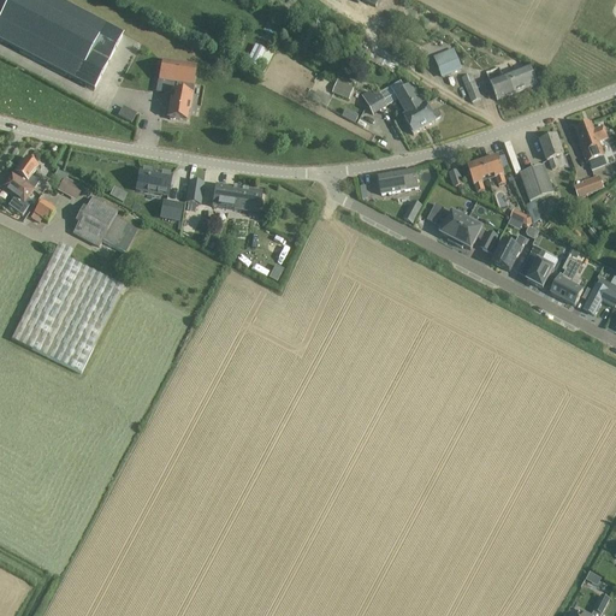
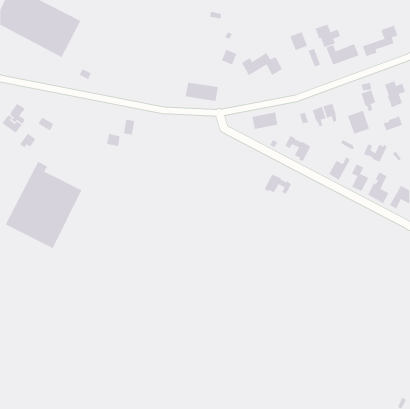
building: none -> [315,24,341,48]
building: none -> [362,25,398,57]
building: [155,58,195,118] -> none
building: [404,102,440,132] -> none
building: [134,167,171,194] -> none
building: [212,183,262,212] -> [185,82,219,101]
building: [73,196,136,251] -> none
building: none -> [363,143,388,162]
building: [454,219,496,250] -> [264,174,292,195]

